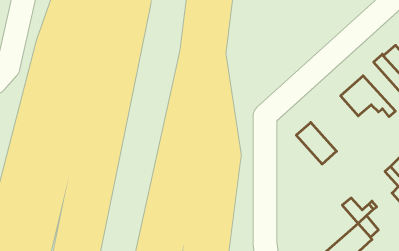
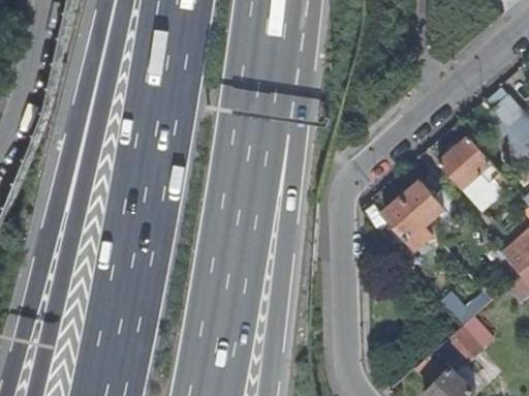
building: none -> [403,181,445,224]

